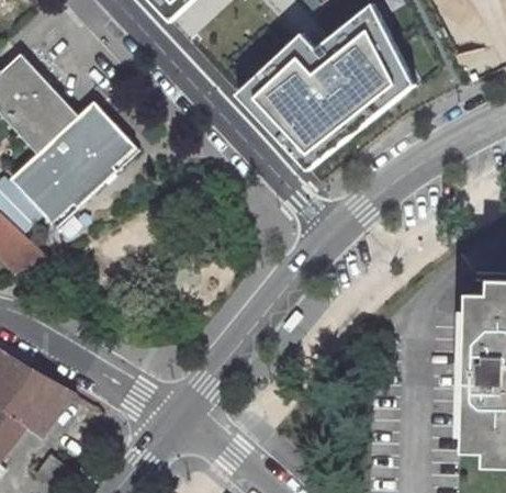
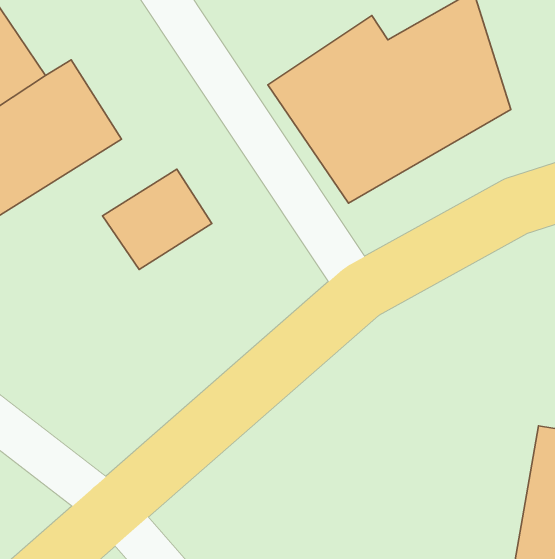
building: none -> [103,169,212,269]

